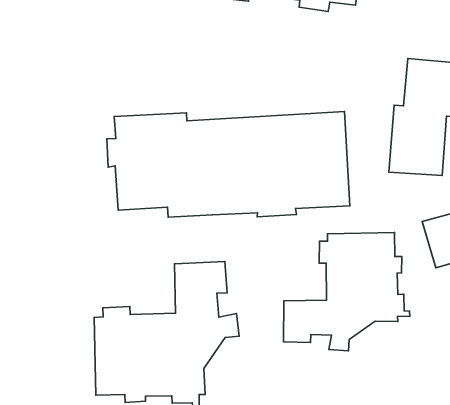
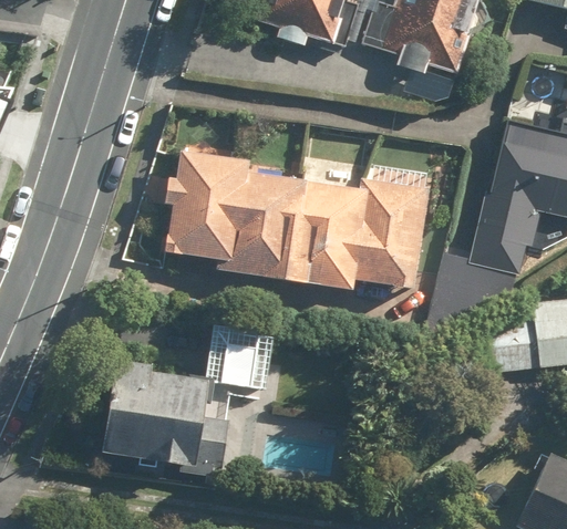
building: [284,233,410,351] -> none

